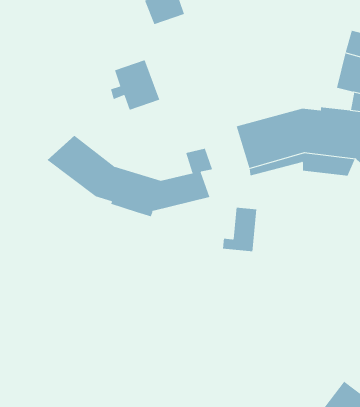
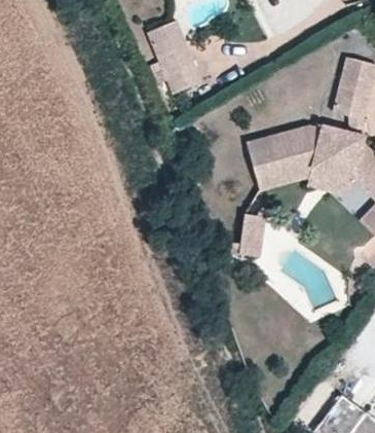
building: [110,59,160,111] -> [155,37,203,86]
building: [47,135,213,217] -> none

